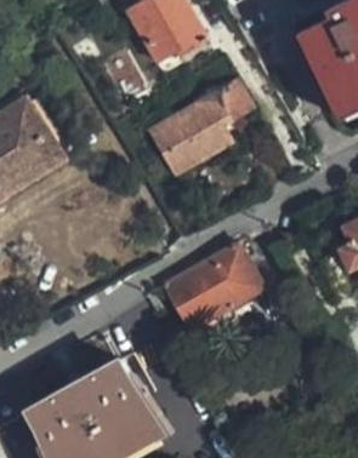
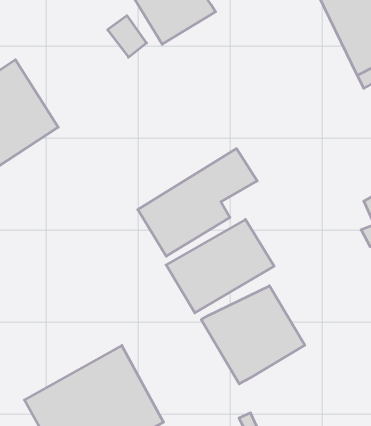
building: [143,78,255,178] -> [138,149,257,256]
building: none -> [201,286,305,384]

